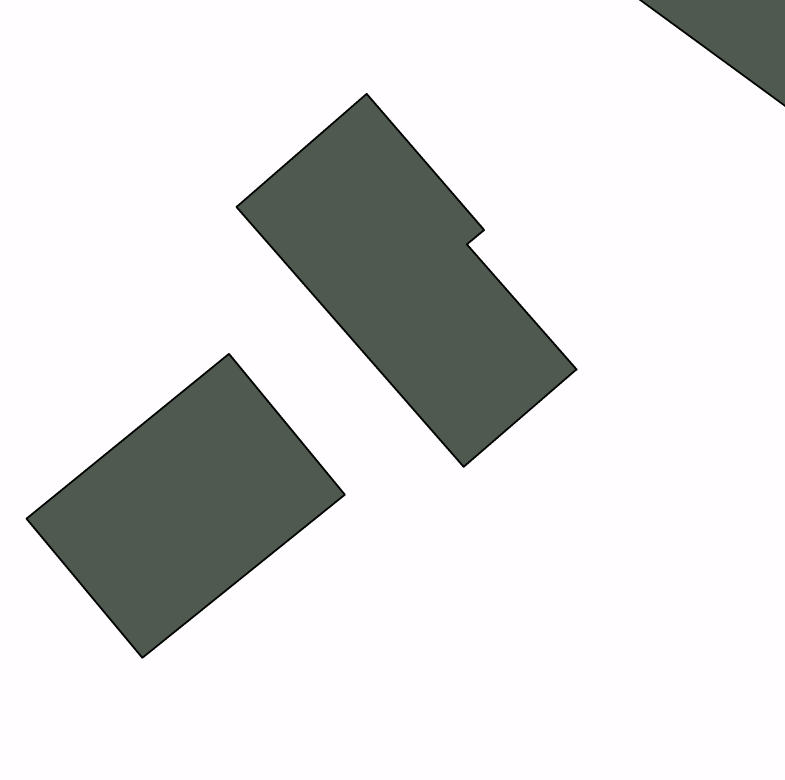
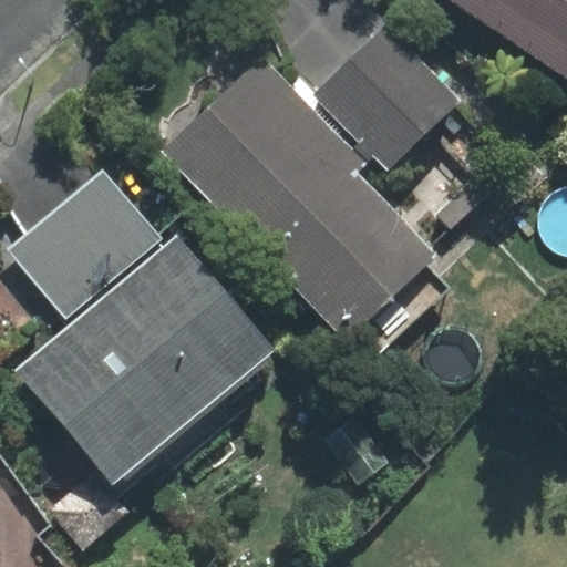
building: none -> [322,31,453,162]
building: none -> [20,176,158,310]

